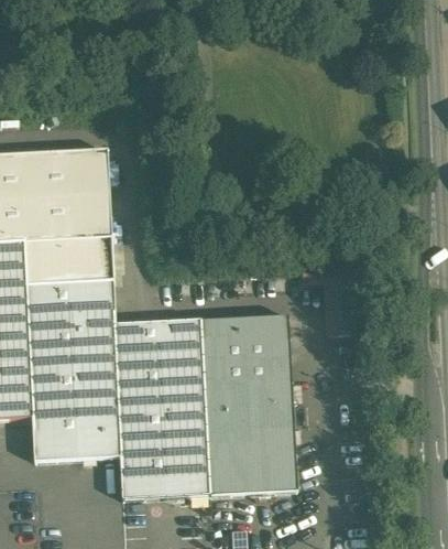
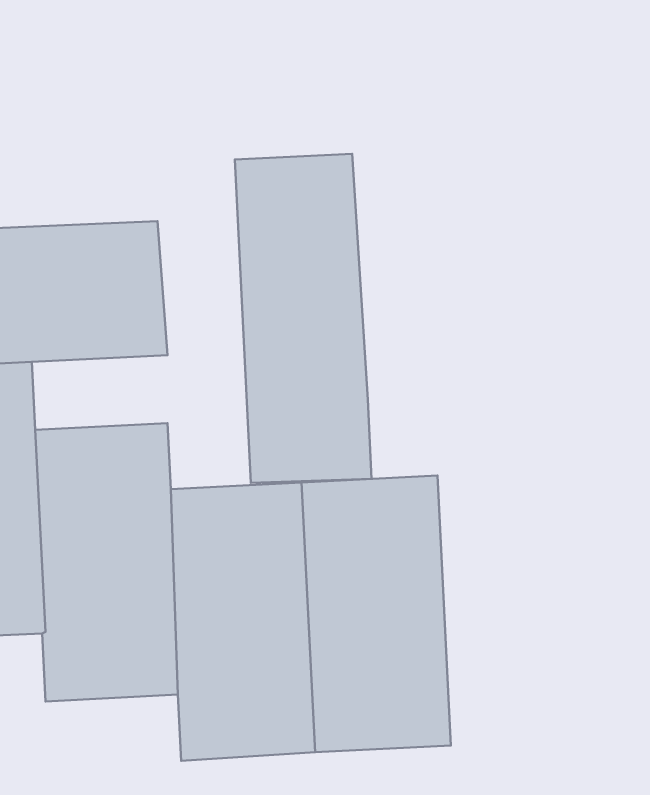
building: none -> [235,154,372,483]
building: [24,236,112,284] -> none

